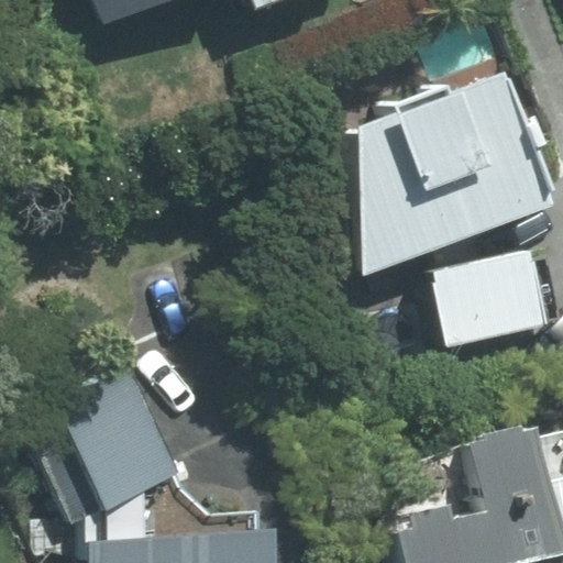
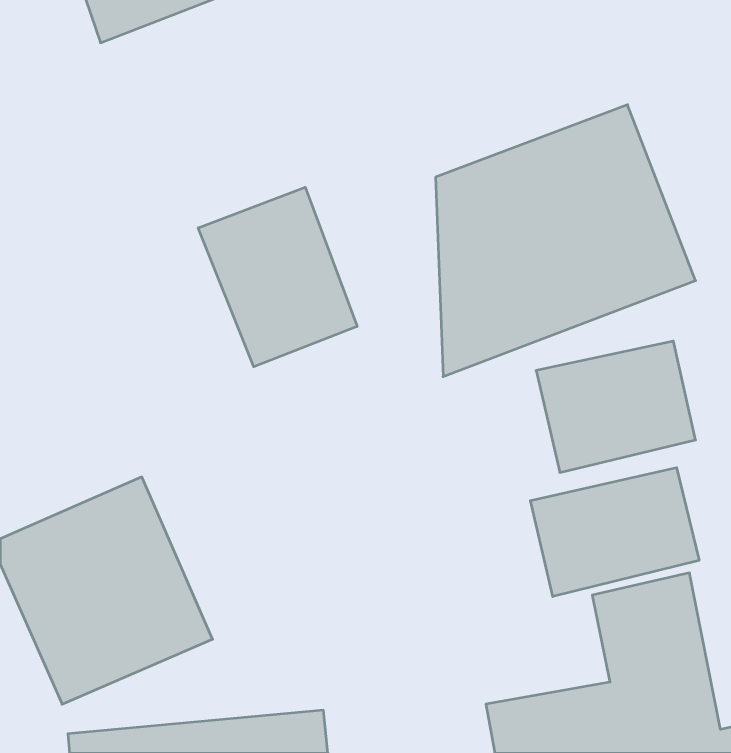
building: none -> [198,187,357,367]
building: none -> [530,468,699,597]

